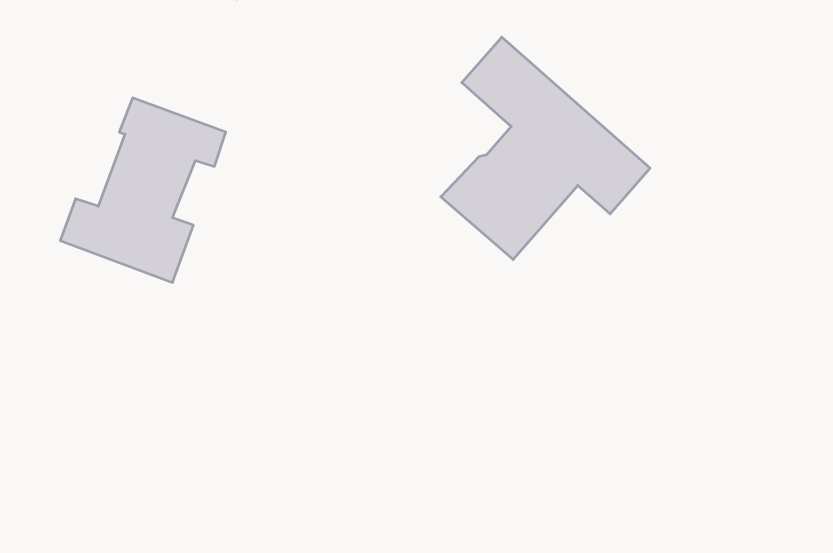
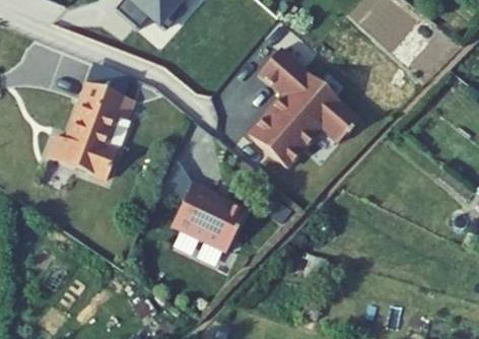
building: none -> [172,182,247,252]

